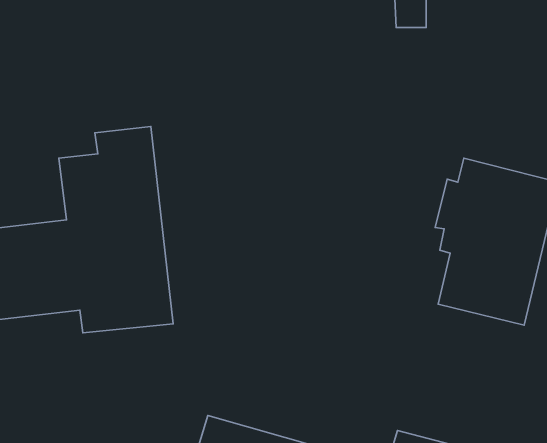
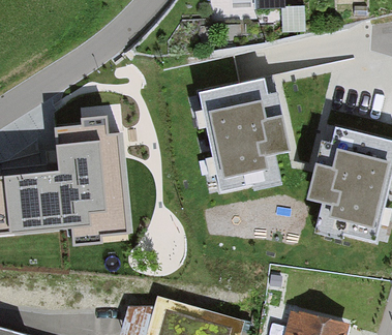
building: none -> [199,77,283,190]

